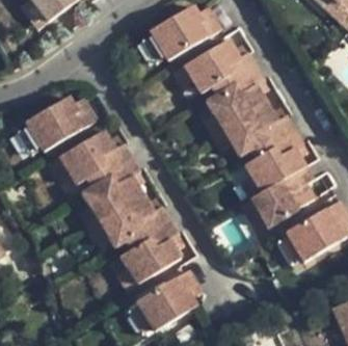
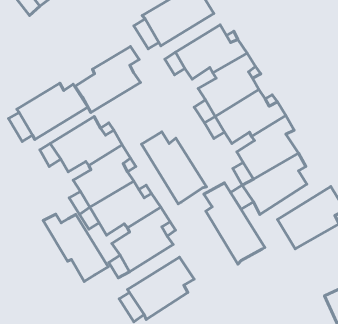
building: none -> [75,46,140,112]
building: none -> [141,132,206,204]
building: none -> [204,183,265,264]
building: none -> [43,214,108,281]

